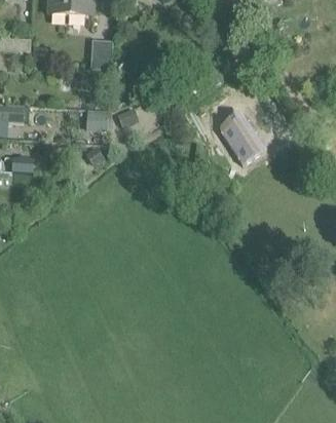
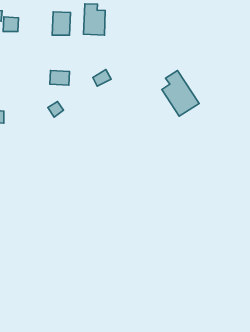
building: none -> [84,4,105,35]

